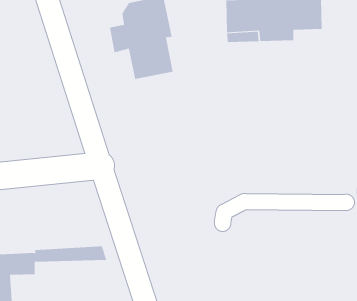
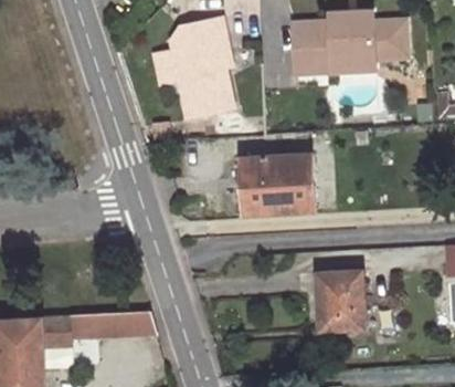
building: none -> [241,154,330,215]
building: none -> [316,271,364,331]

